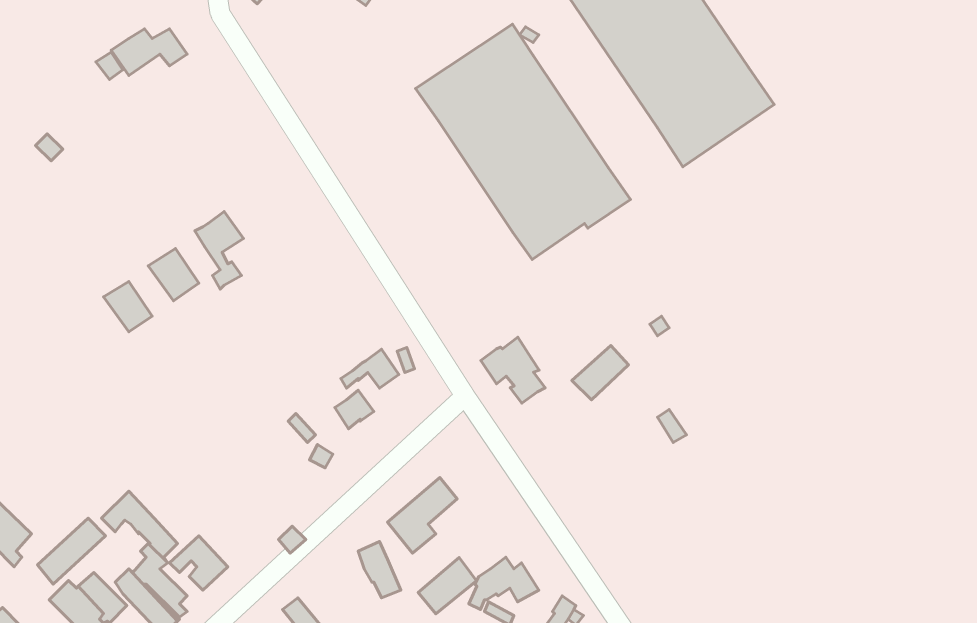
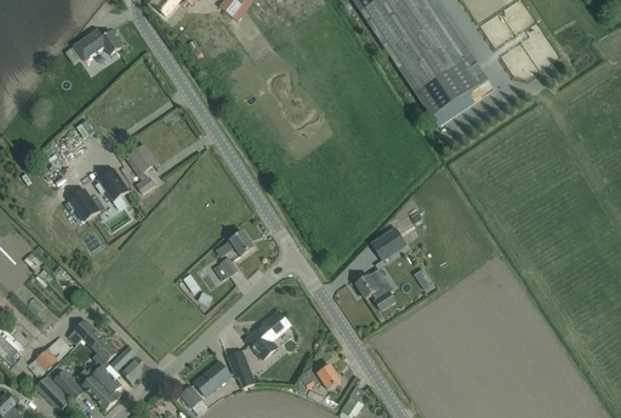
building: [416,24,631,259] -> none
building: [481,337,545,403] -> [355,269,395,310]
building: [418,558,476,614] -> [194,361,230,396]

